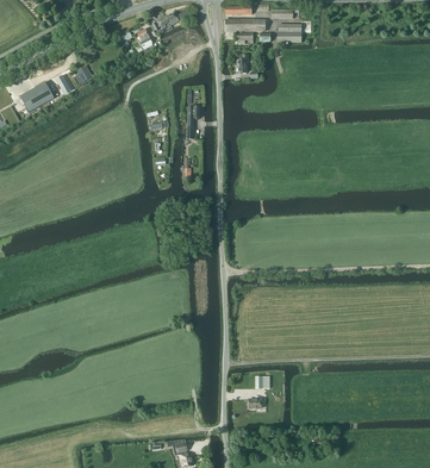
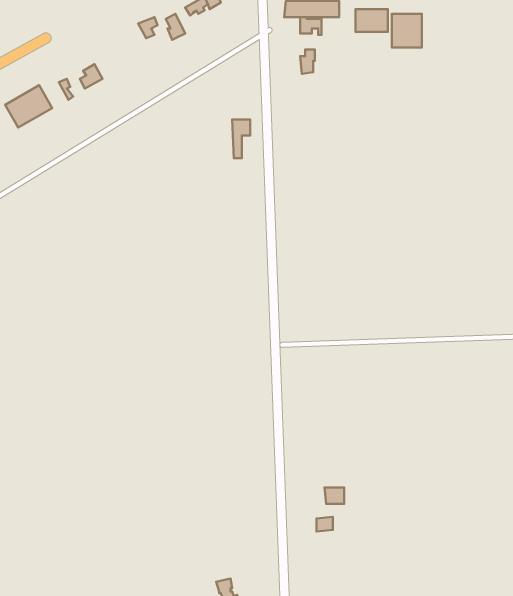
building: none -> [392,14,422,48]

